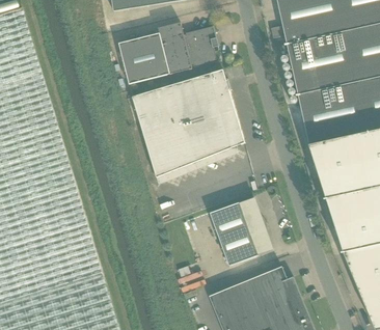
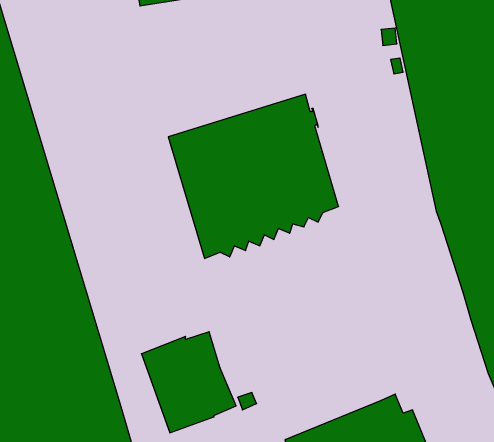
building: [118,22,218,83] -> none
building: [210,198,272,265] -> [141,332,236,433]

